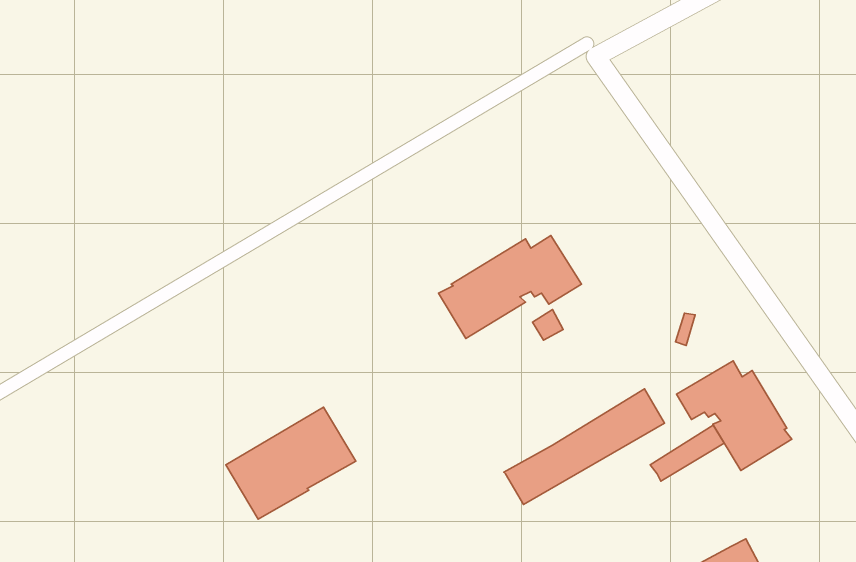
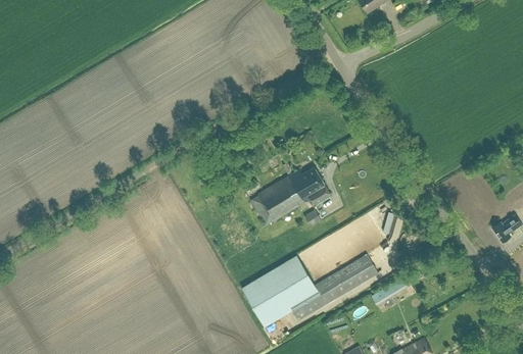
building: [676,361,792,470] -> none
building: [226,407,356,519] -> [241,255,315,318]

